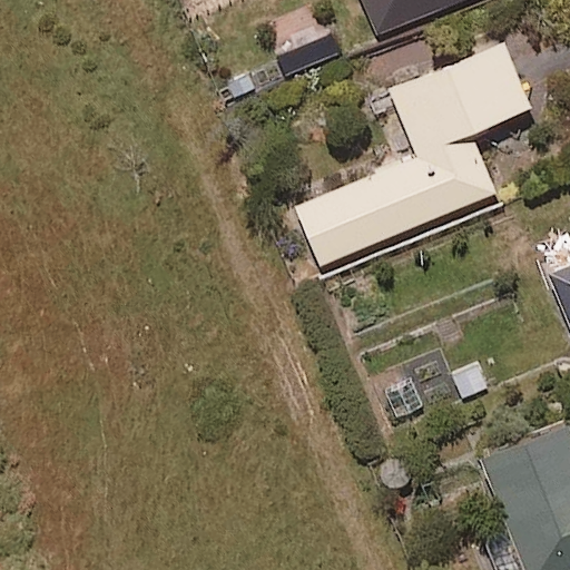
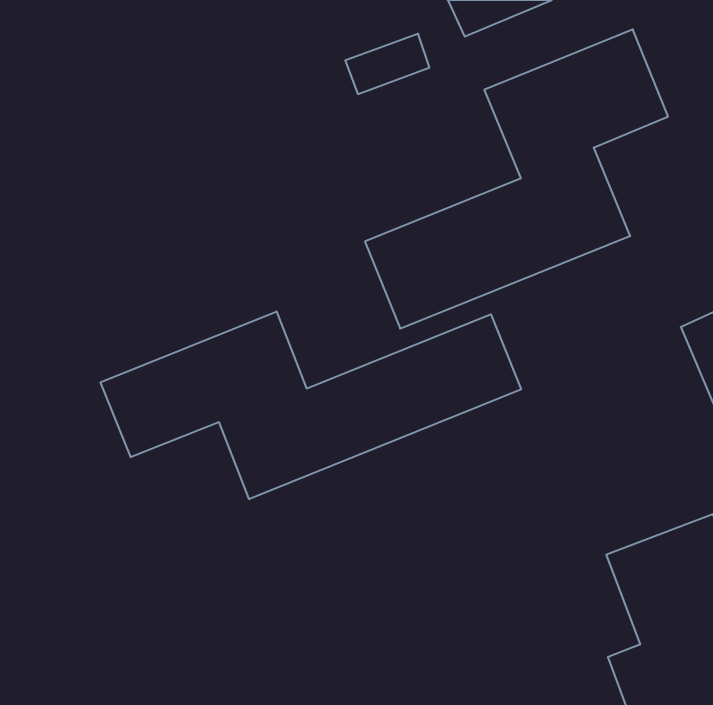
building: none -> [101,311,521,499]

